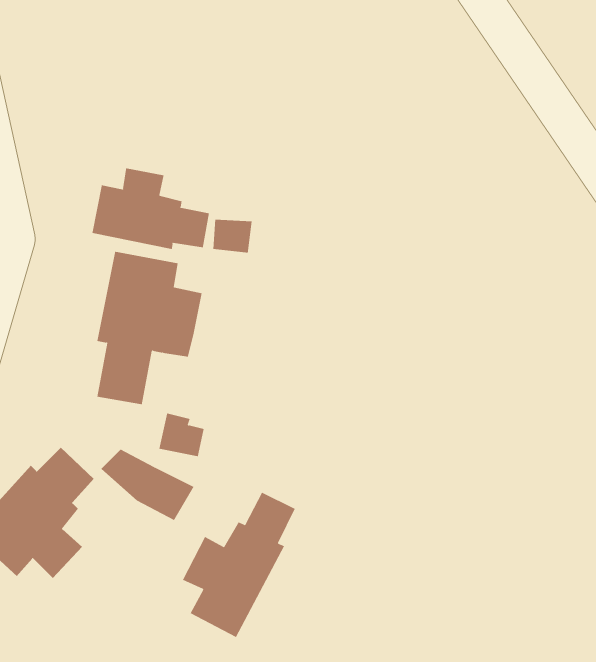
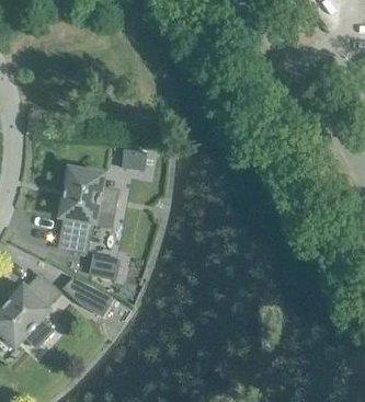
building: [92,167,210,250] -> none
building: [182,492,295,638] -> none

